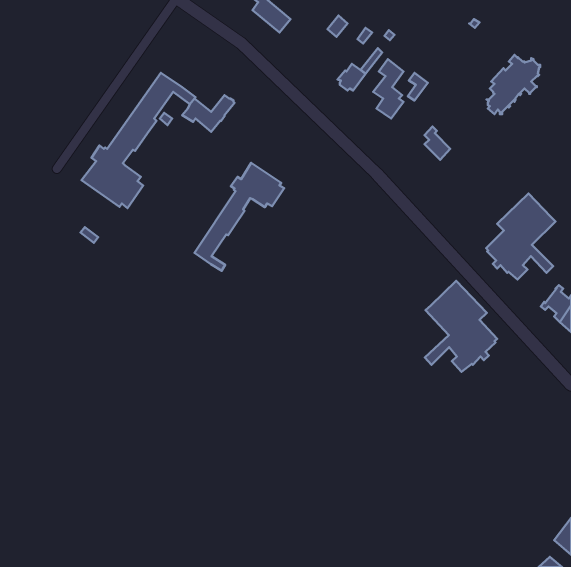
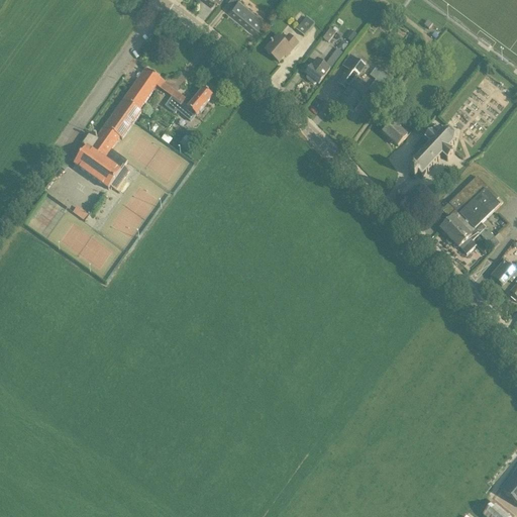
building: none -> [266,32,298,60]
building: [487,55,540,114] -> [408,122,456,176]
building: [194,163,284,271] -> none
building: [425,281,497,372] -> none

